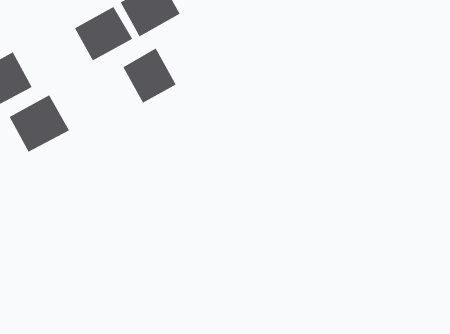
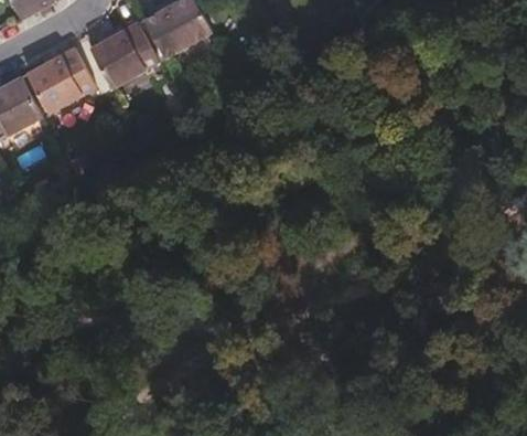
building: [123,48,177,104] -> none
building: [9,95,70,153] -> [26,47,96,114]

